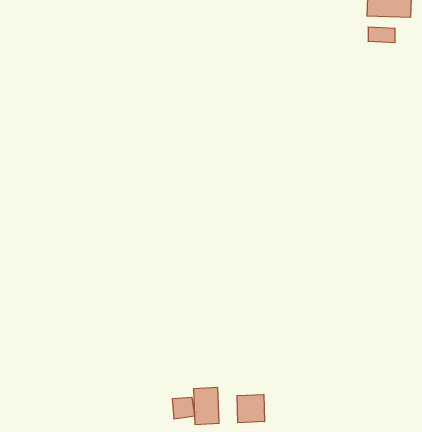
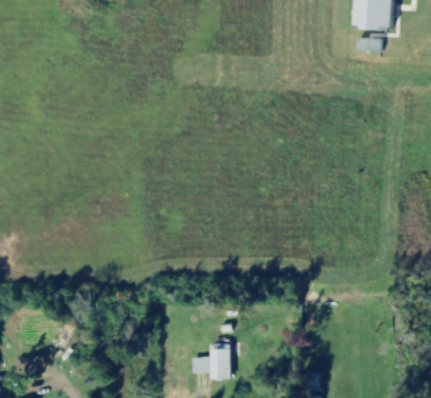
building: [237,394,265,423] -> none

